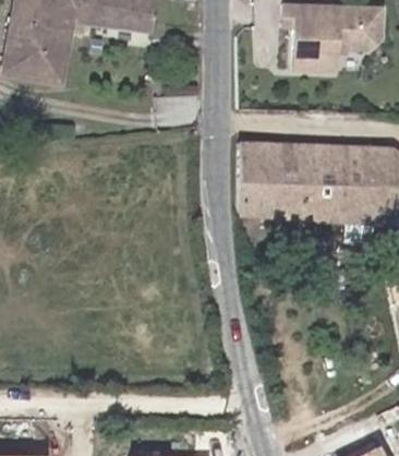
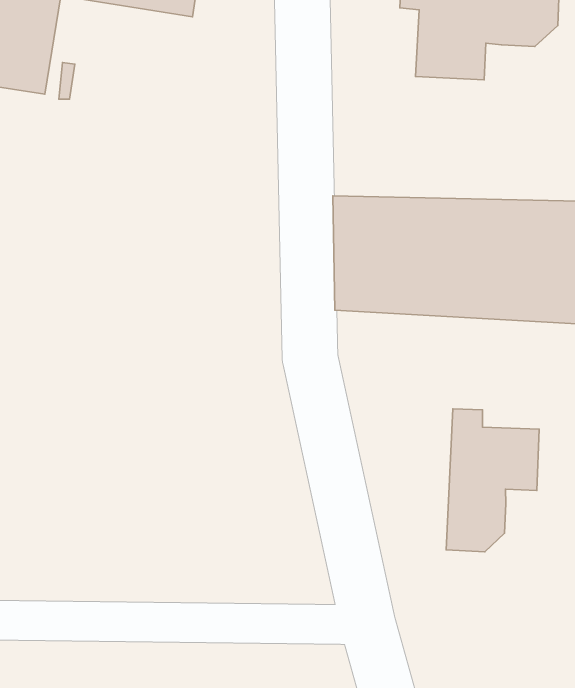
building: none -> [446,409,539,552]

